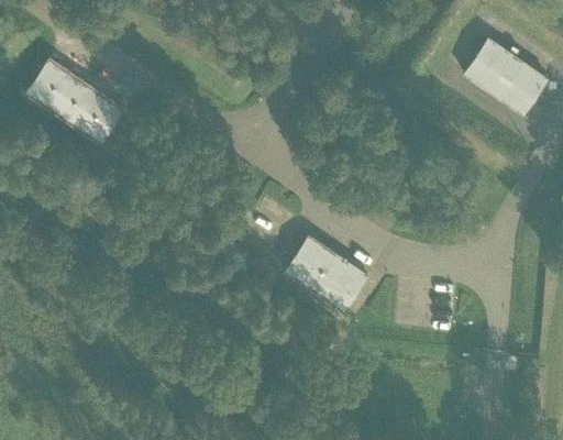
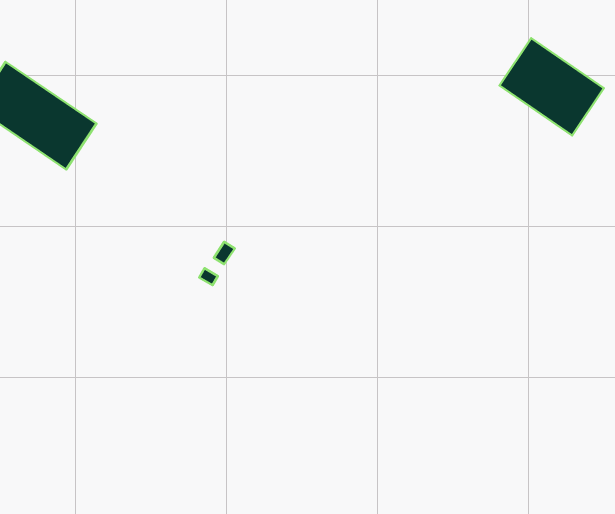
building: [283,233,369,315] -> none

